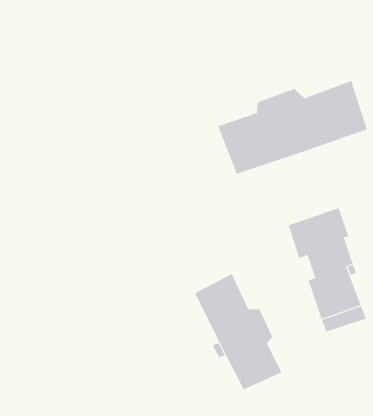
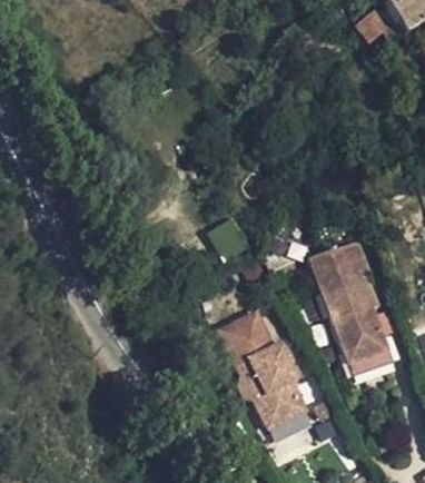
building: [218,80,367,175] -> none

